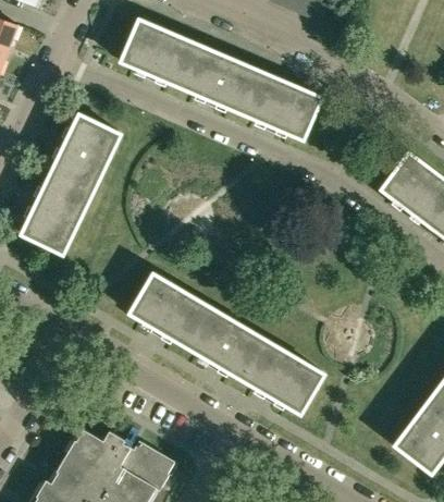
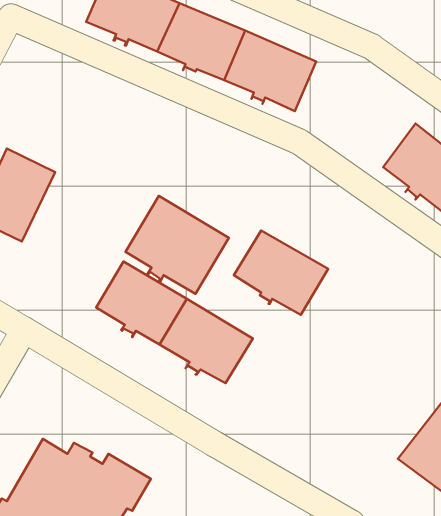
building: [50,112,121,193] -> none
building: none -> [126,196,229,294]
building: [242,339,324,413] -> [234,230,328,315]

